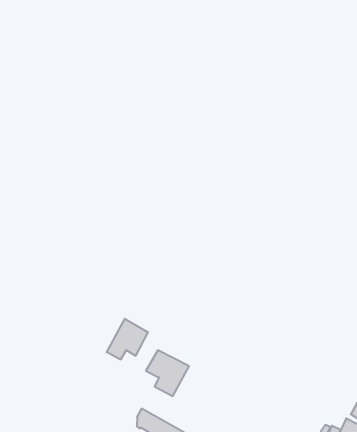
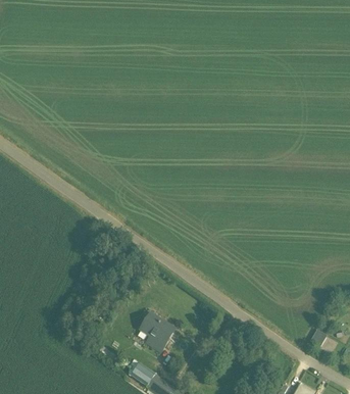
building: [107,319,148,360] -> none

